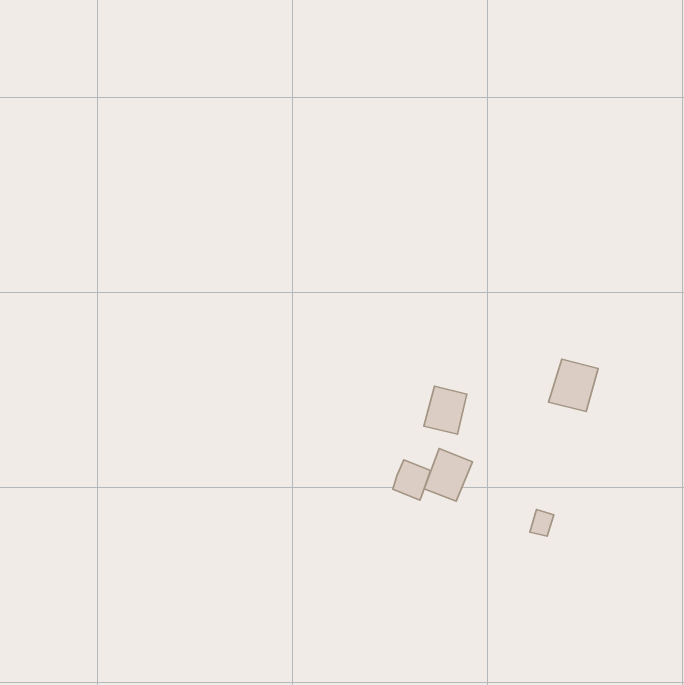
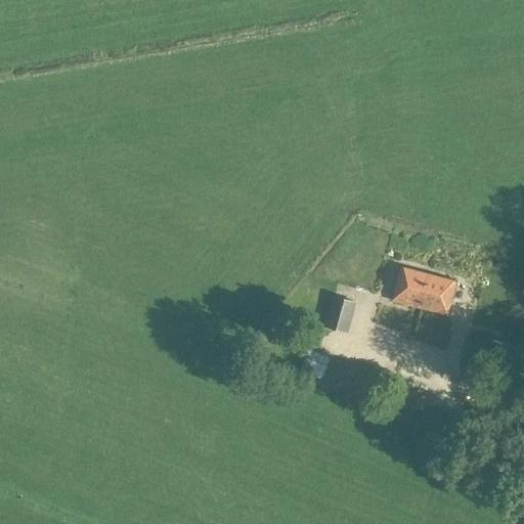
building: none -> [392,266,430,307]
building: [424,449,472,501] -> none

